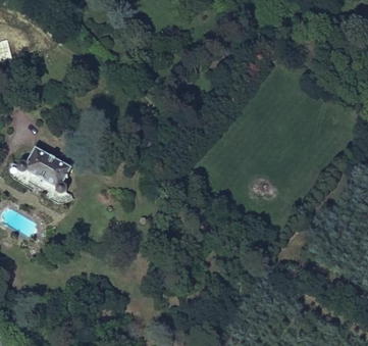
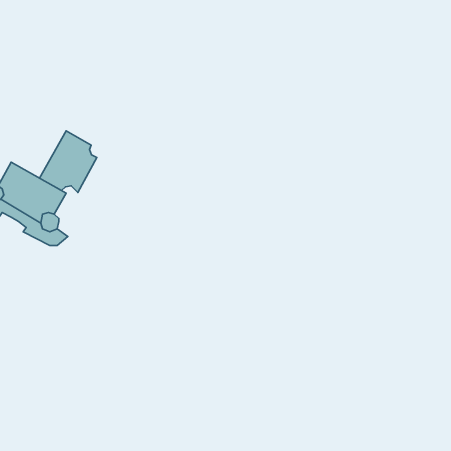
building: none -> [39,131,97,193]

